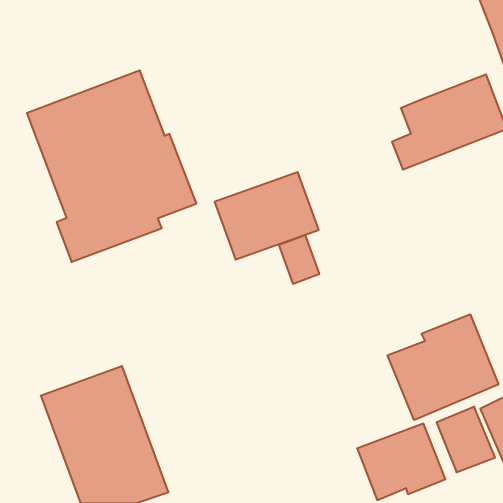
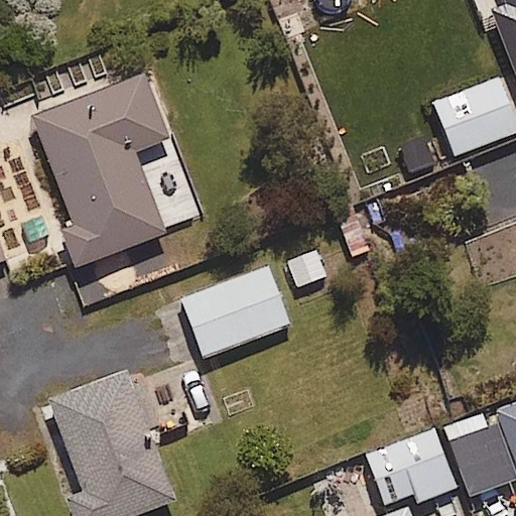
building: [215,172,319,260] -> [183,267,289,356]
building: [388,314,498,420] -> none

